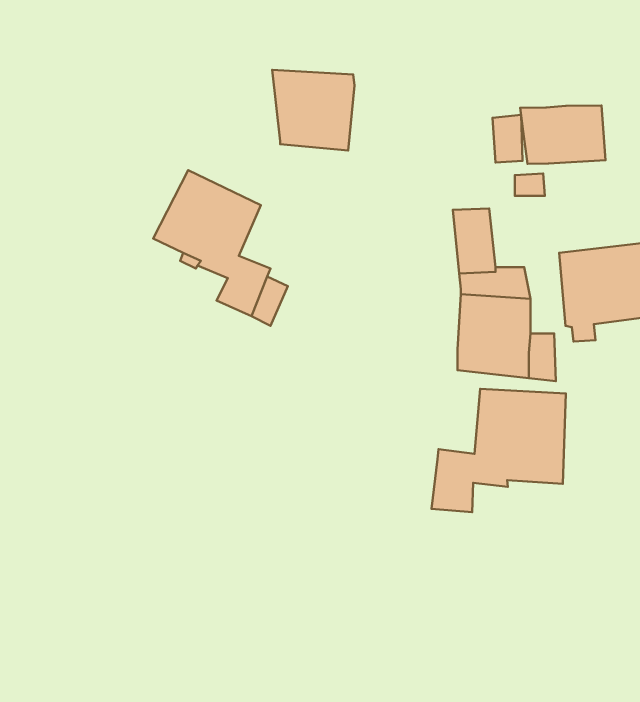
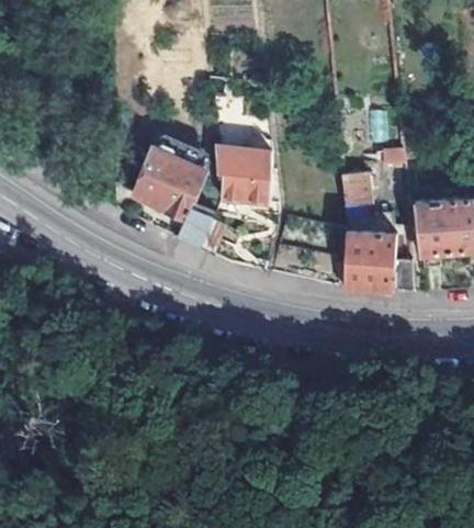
building: [272,70,355,151] -> [215,147,272,203]
building: [520,105,606,164] -> none
building: [432,389,566,512] -> none

